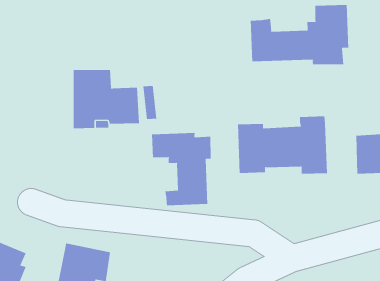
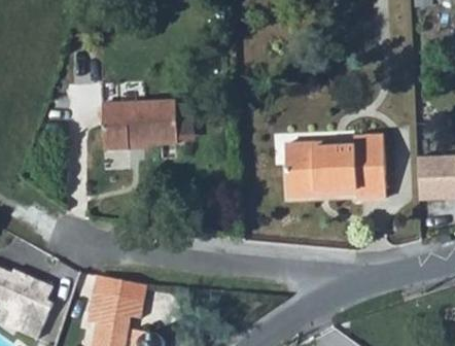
building: [250,4,349,65] -> none
building: [152,132,211,206] -> none

